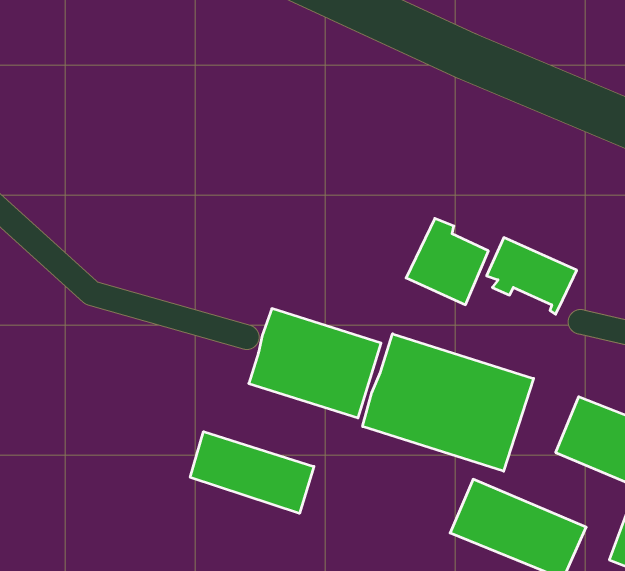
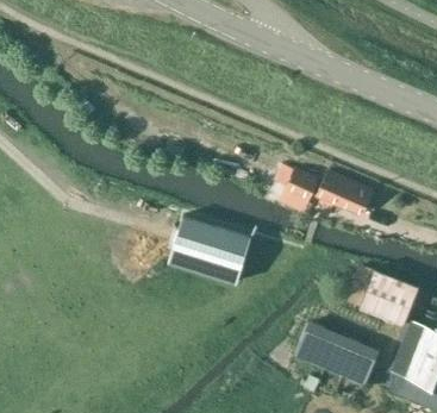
building: [363,334,534,471] -> none
building: [190,432,314,513] -> none

